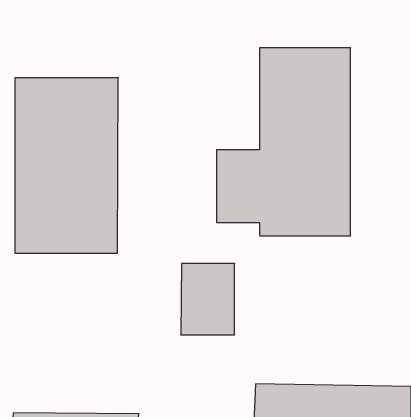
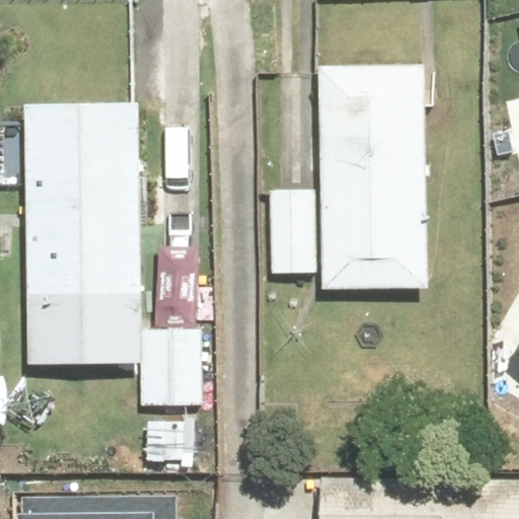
building: [181,264,235,335] -> [132,325,198,413]

